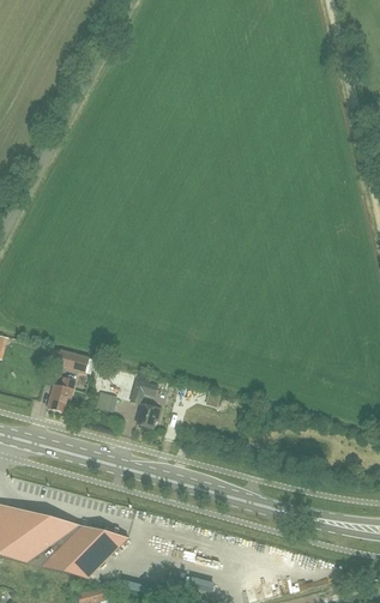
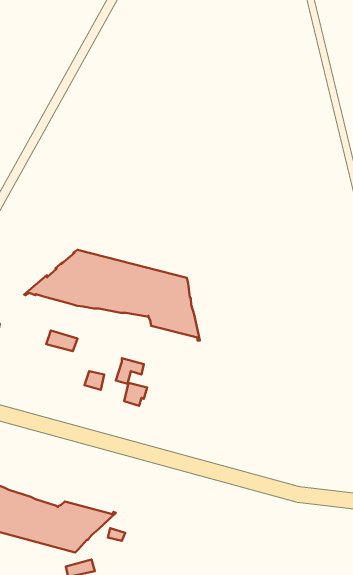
building: none -> [24,250,200,341]
building: [47,373,74,409] -> none

